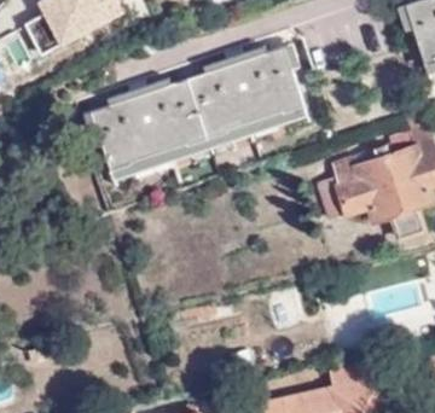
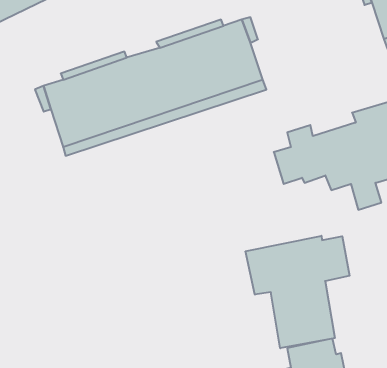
building: none -> [246,236,350,348]

